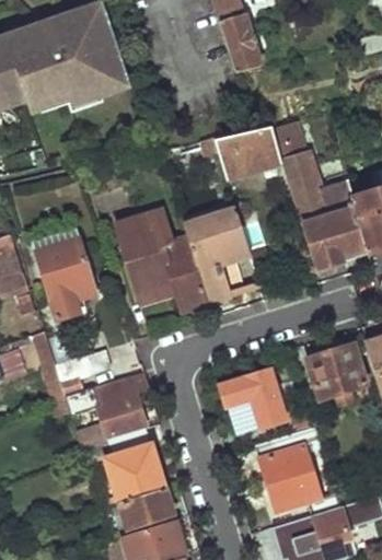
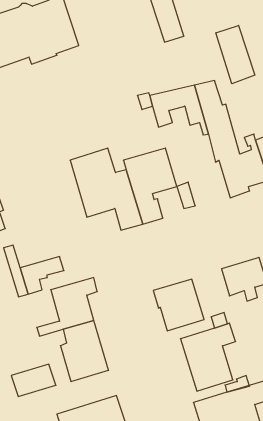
building: none -> [216,25,255,84]
building: [36,234,96,316] -> none
building: [118,486,174,526] -> [11,364,56,397]

